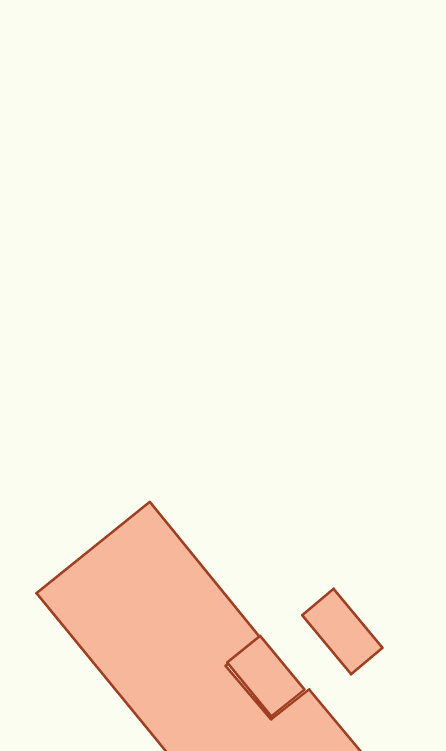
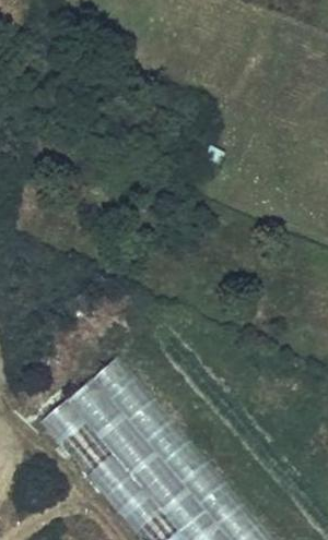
building: [302,589,382,674] -> none

